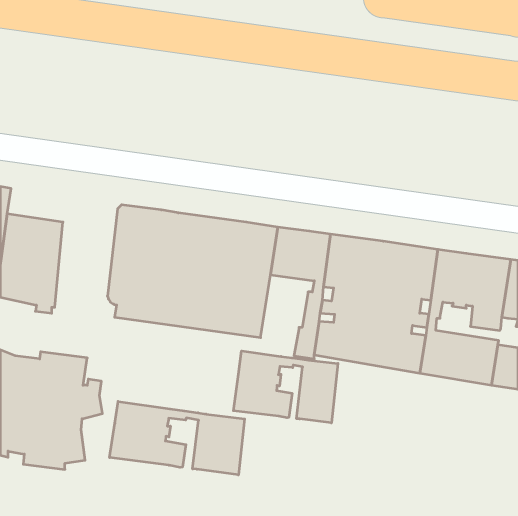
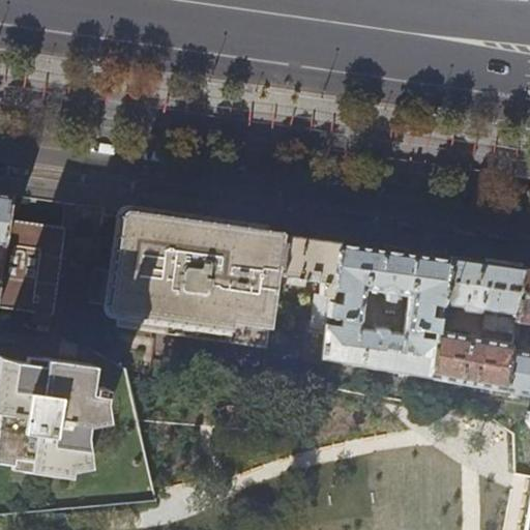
building: [233,351,338,423] -> none
building: [110,401,245,475] -> none

